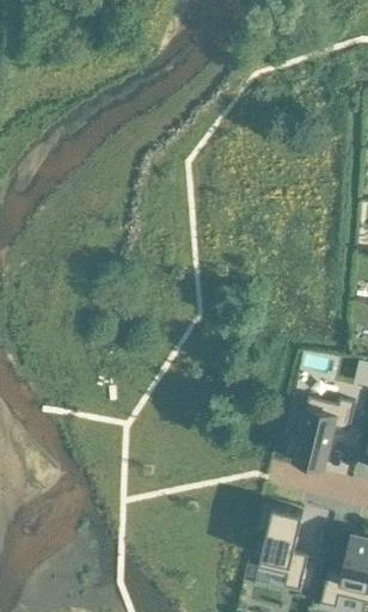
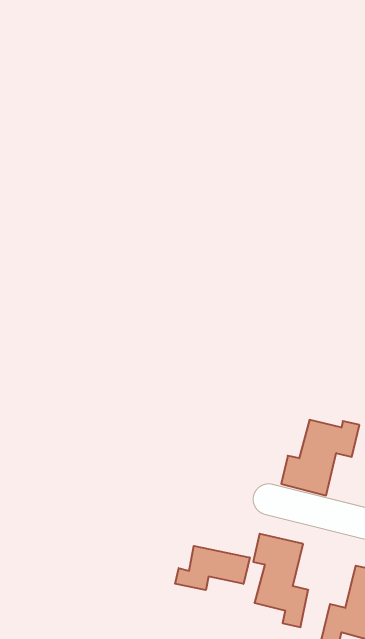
building: none -> [175,546,250,590]

